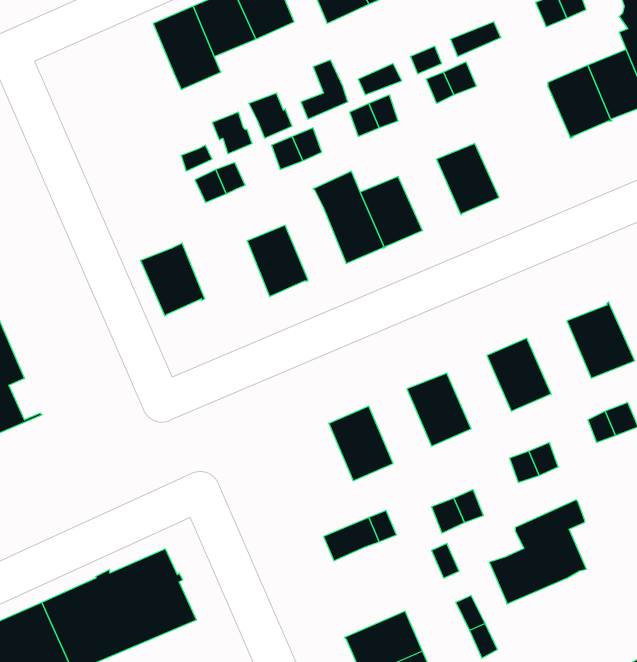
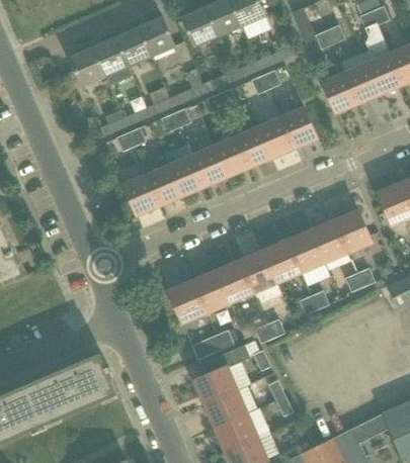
building: none -> [69,47,104,86]
building: none -> [279,106,317,149]
building: none -> [235,125,271,167]
building: none -> [169,154,204,195]
building: [140,243,205,316] -> [122,173,160,215]
building: none -> [310,219,347,262]
building: none -> [263,240,301,282]
building: none -> [218,259,254,302]
building: none -> [168,279,209,323]
building: [489,500,587,604] -> [193,343,250,403]

